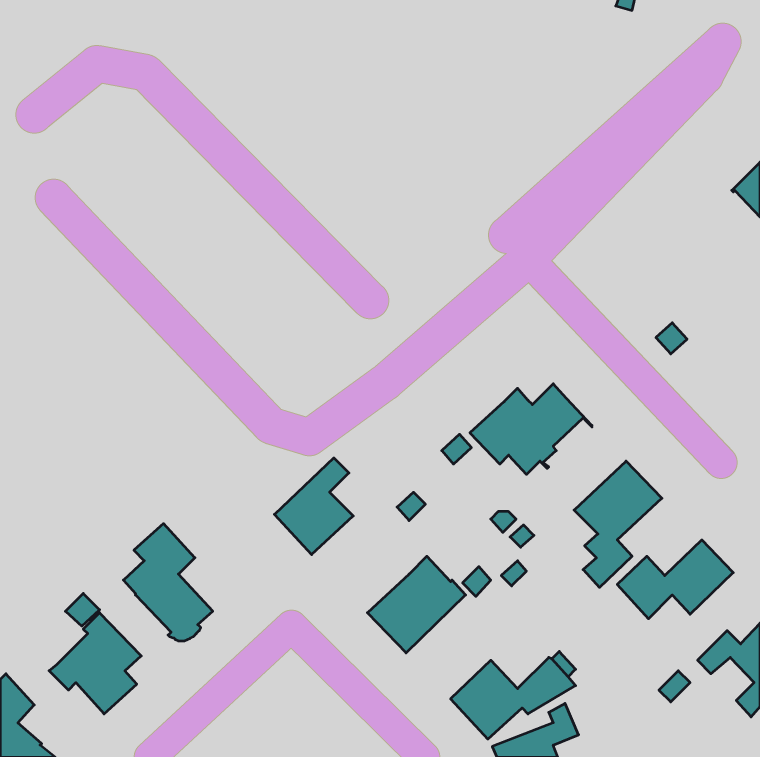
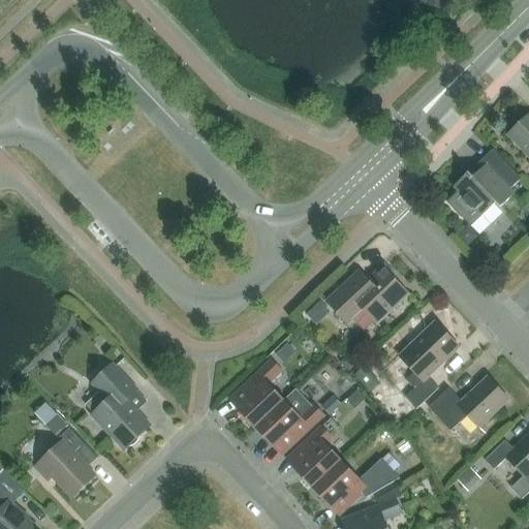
building: none -> [446,152,522,225]
building: [274,458,353,555] -> [229,359,284,426]
building: none -> [286,425,341,486]

